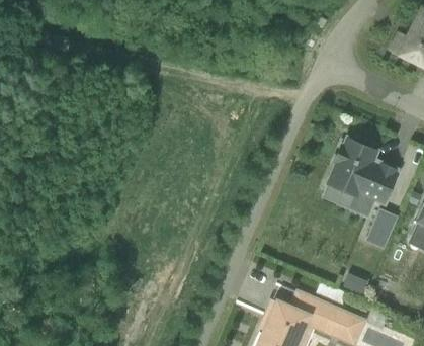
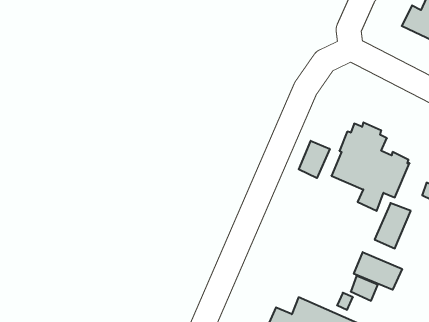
building: none -> [299,141,330,178]
building: none -> [354,252,402,290]

